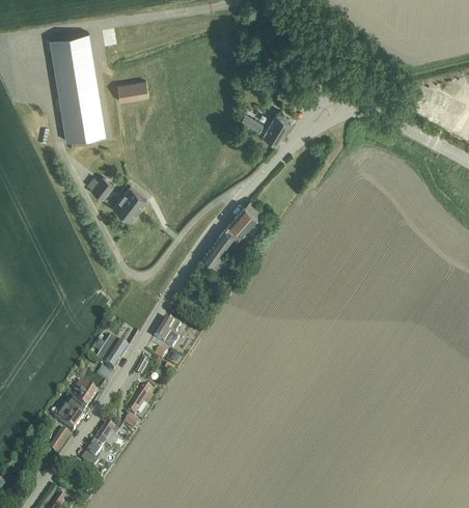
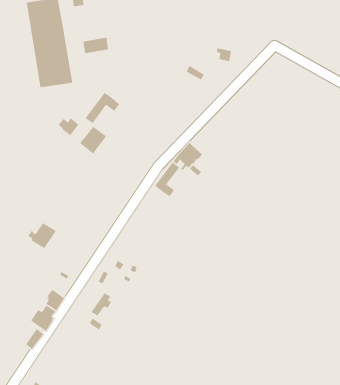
building: [261,114,289,145] -> none
building: none -> [85,92,120,124]
building: [153,318,181,348] -> none
building: [91,338,127,370] -> [27,222,57,249]
building: [77,423,117,469] -> none

